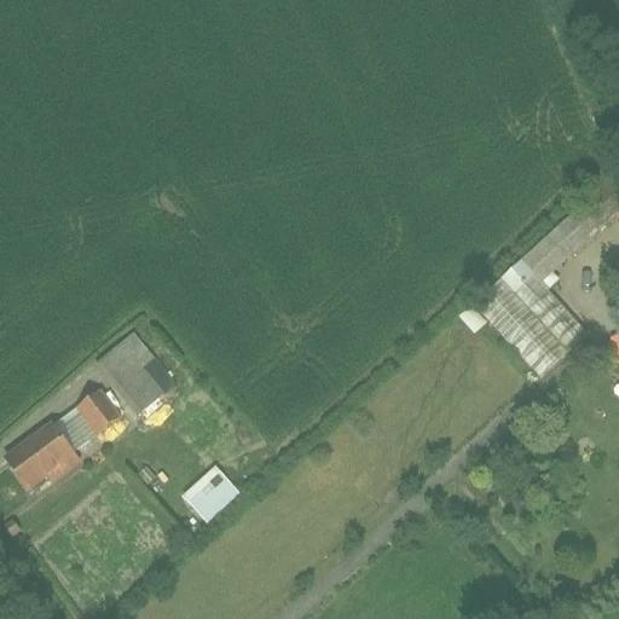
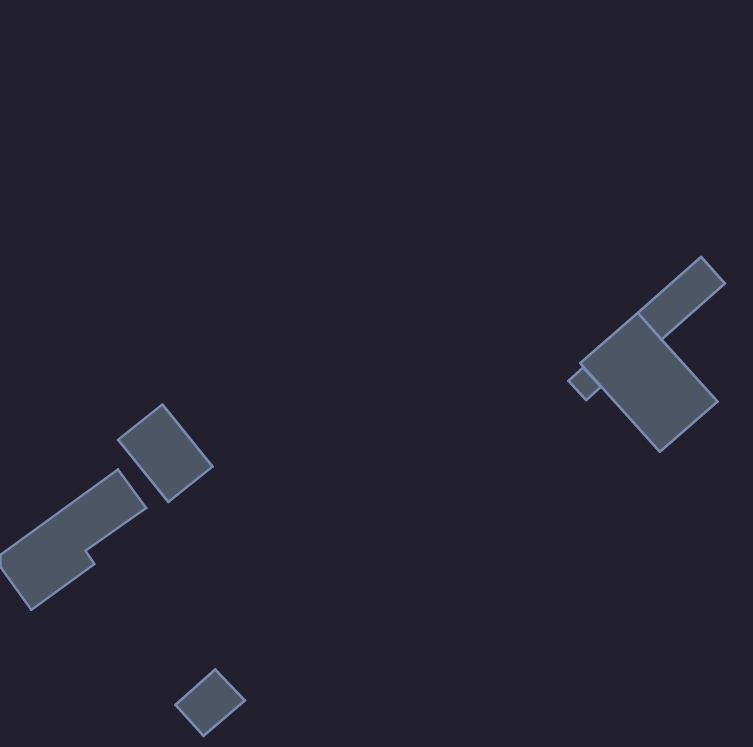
building: [183,468,239,522] -> [175,669,245,736]

